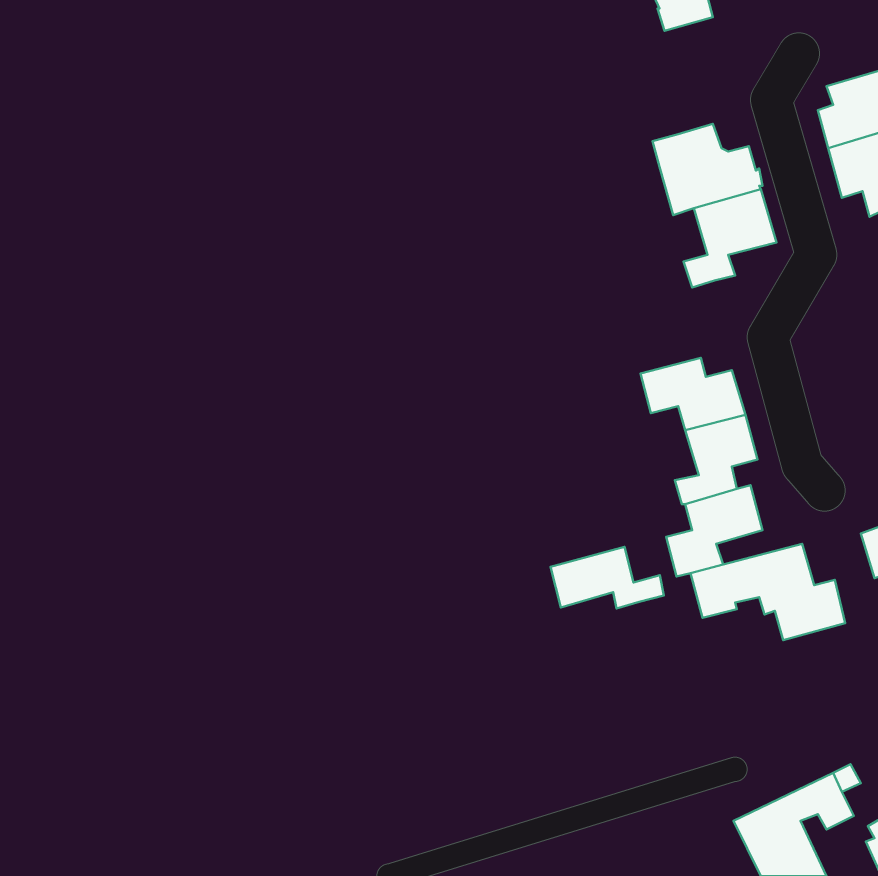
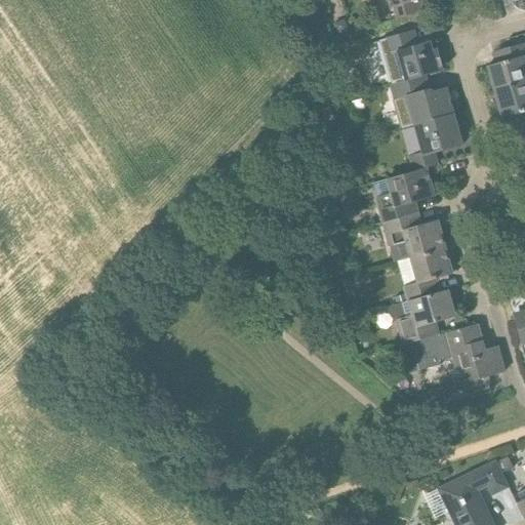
building: none -> [385,31,442,80]
building: none -> [375,167,435,223]
building: [550,547,664,608] -> none

